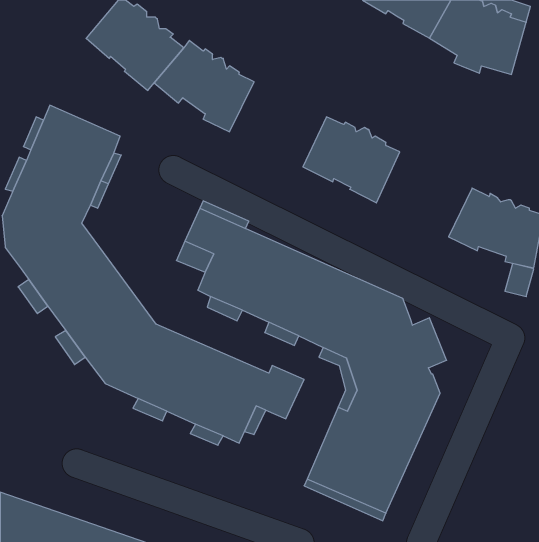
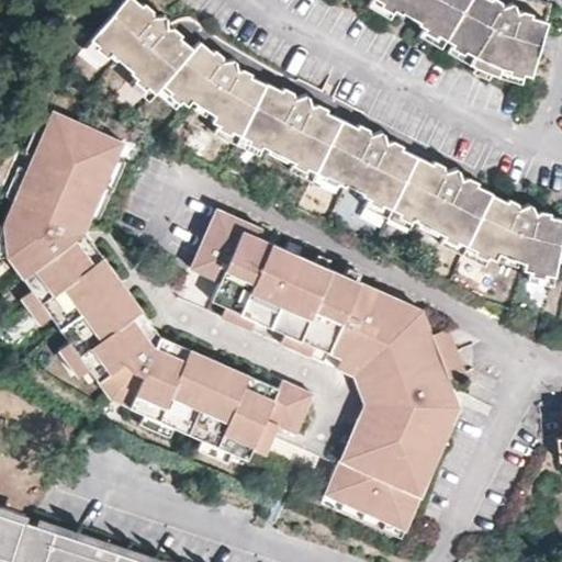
building: none -> [241,86,341,173]
building: none -> [393,158,492,246]

